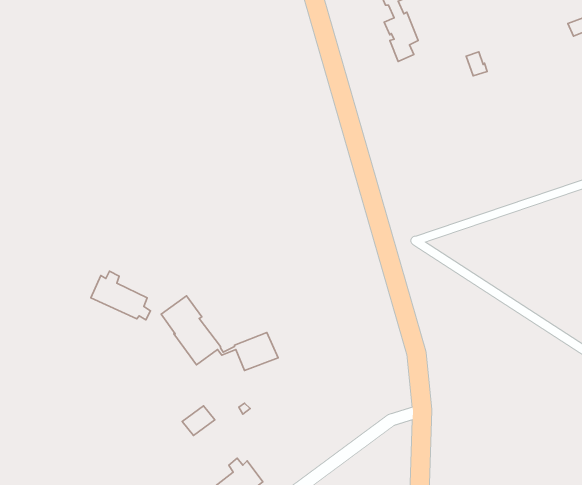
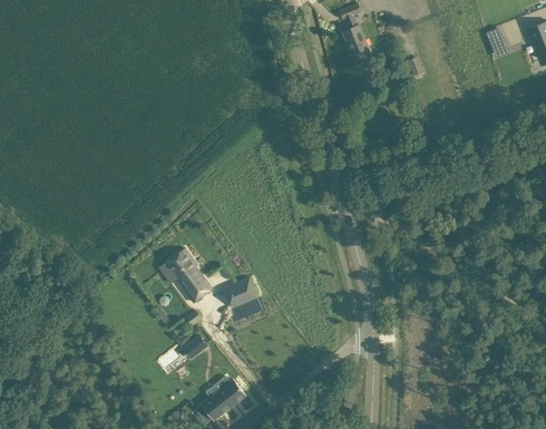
building: [91,271,150,320] -> none

